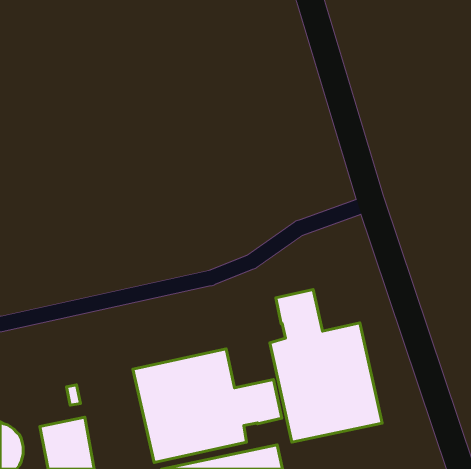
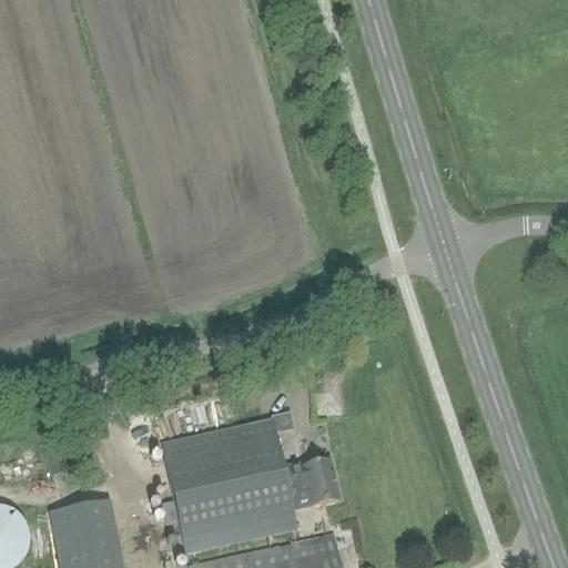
building: [270,289,382,442] -> none

